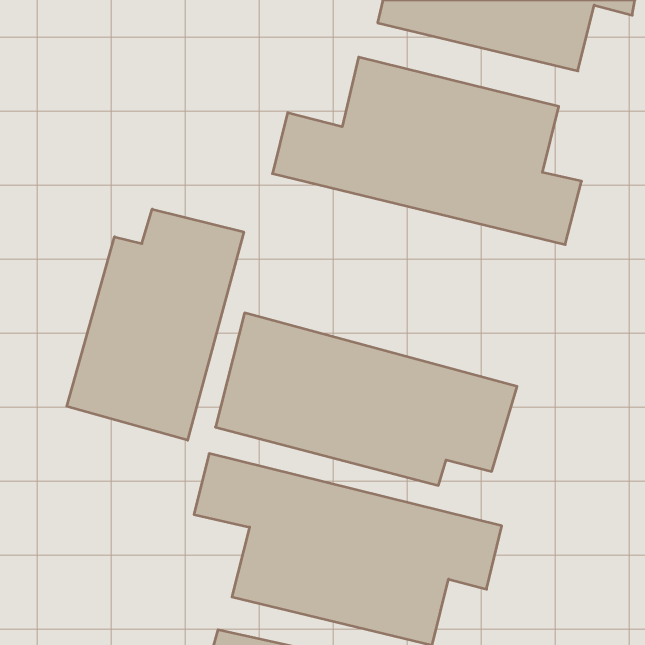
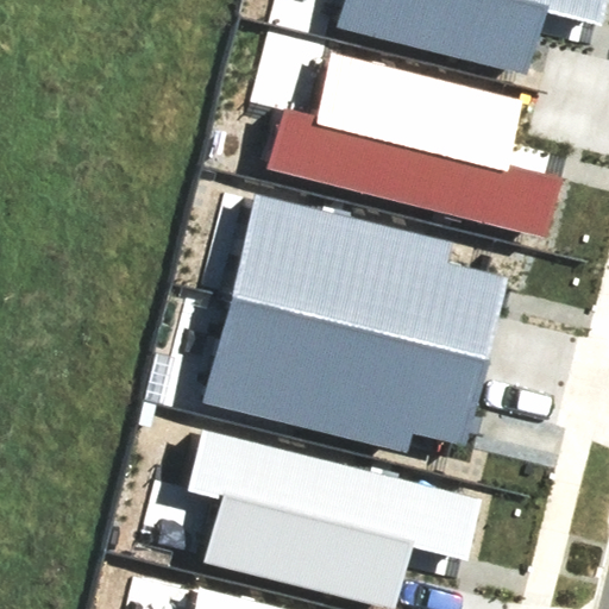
building: none -> [230,192,508,365]
building: [67,209,244,440] -> none

